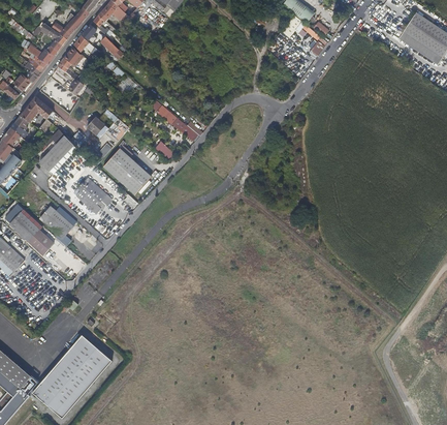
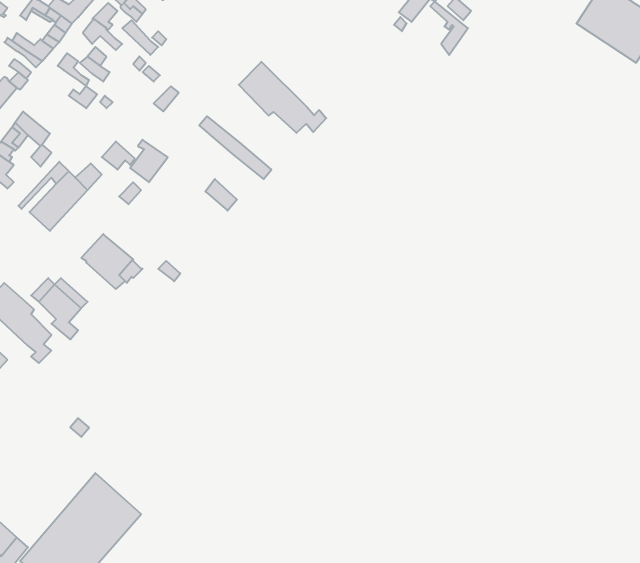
building: none -> [239,62,326,133]
building: [102,145,151,194] -> none

